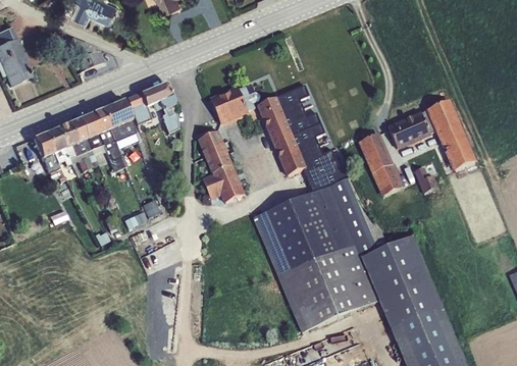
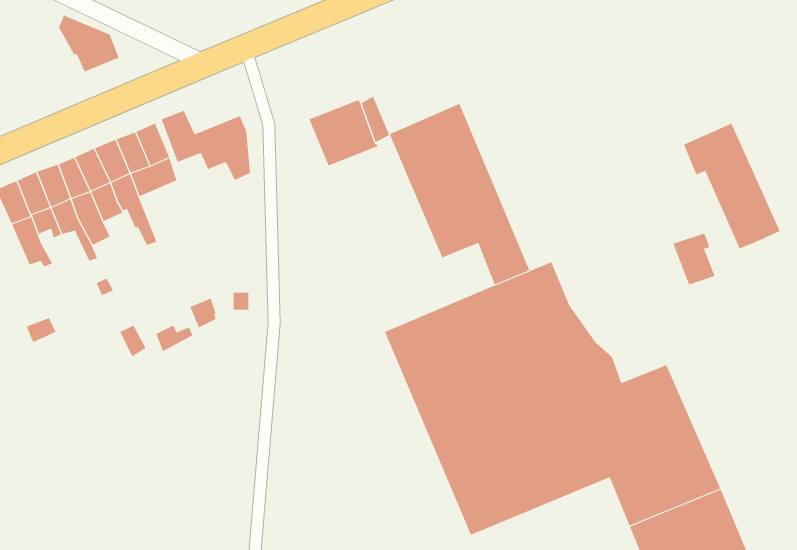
building: [140,83,171,106] -> none
building: [389,112,431,150] -> none
building: [198,130,246,203] -> none
building: [359,134,404,197] -> none

